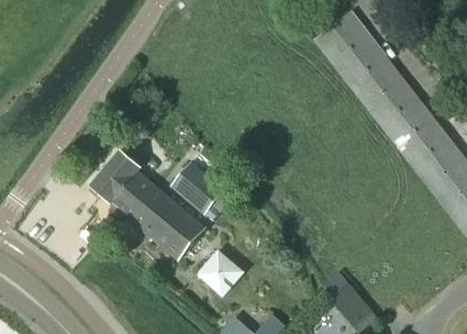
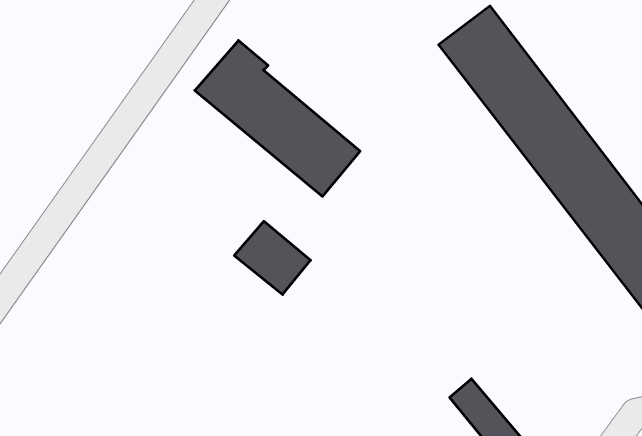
building: [89,149,205,259] -> [195,40,360,196]
building: [199,252,242,293] -> none

